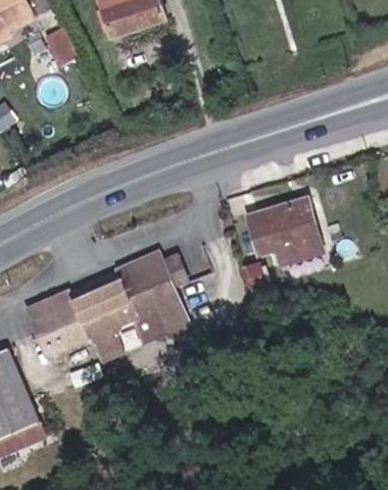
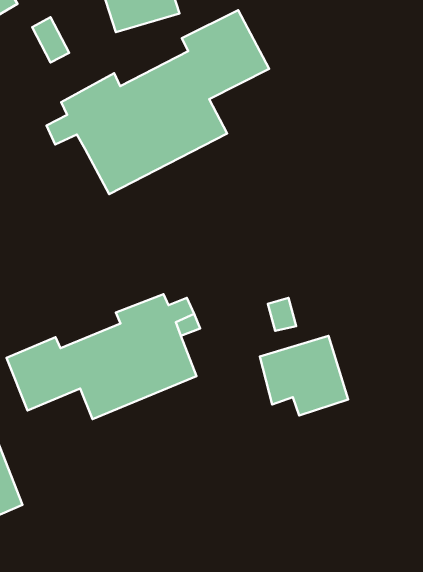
building: none -> [47,10,269,194]
building: [247,198,321,264] -> [260,336,348,415]

